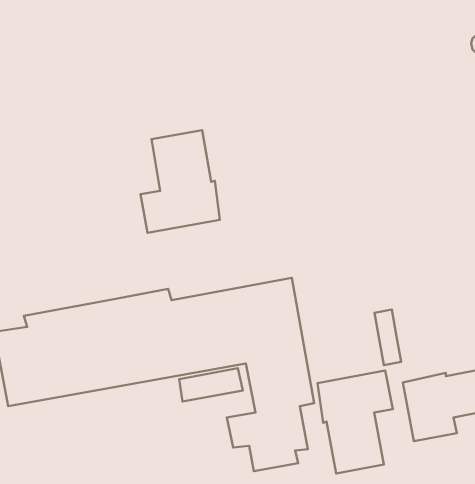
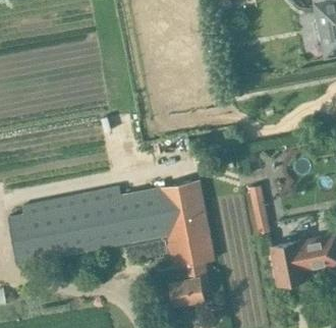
building: [141,130,220,233] -> none
building: [317,370,393,474] -> none

